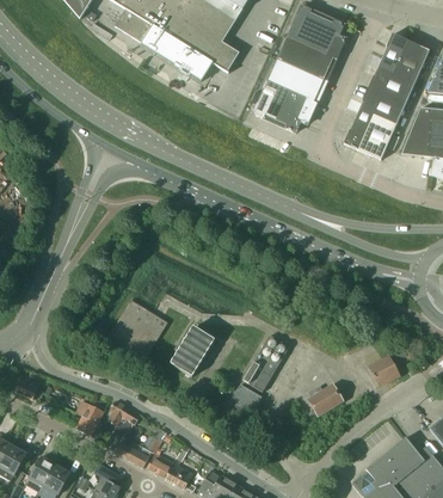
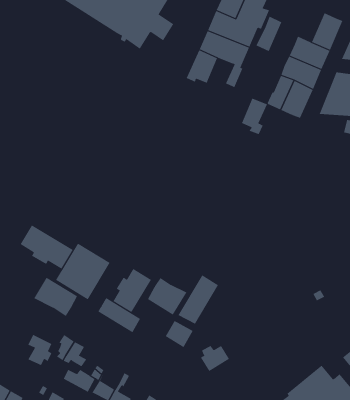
building: [377,32,407,73] -> [256,16,282,52]
building: [276,91,306,133] -> [241,98,268,135]
building: none -> [20,225,73,270]
building: none -> [33,277,78,317]
building: none -> [147,277,187,315]
building: [368,355,400,387] -> none
building: none -> [98,297,141,333]
building: [307,385,340,414] -> [200,345,230,372]

